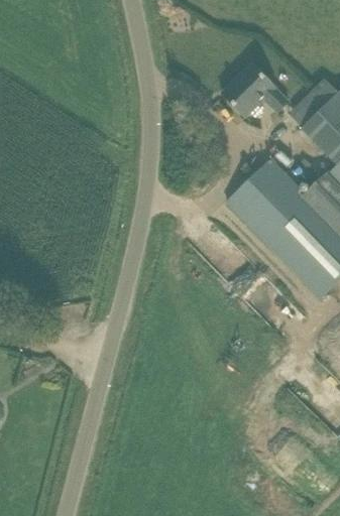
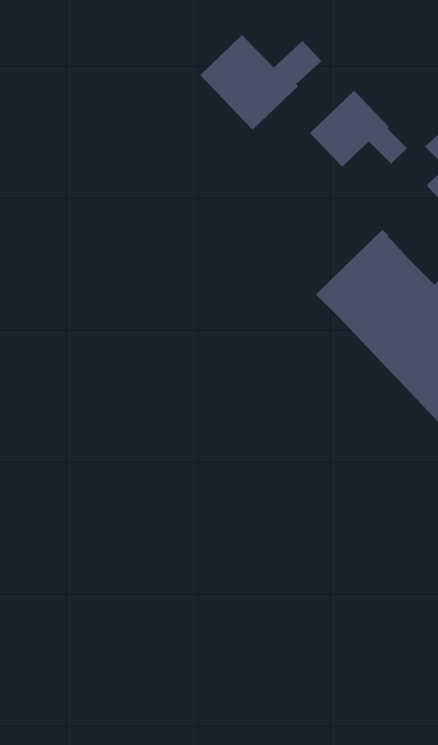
building: none -> [199,34,322,131]

